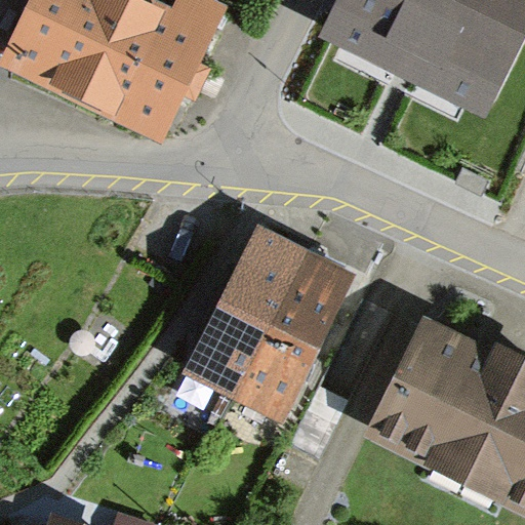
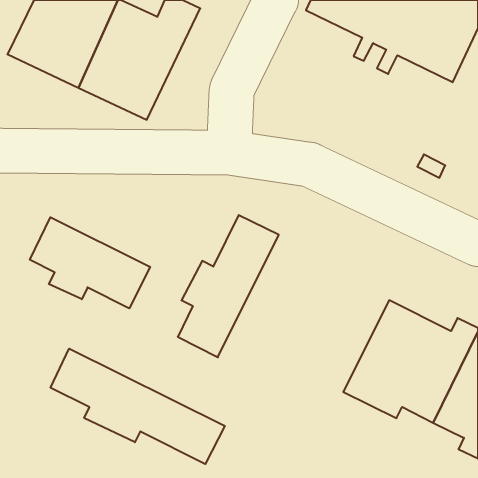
building: none -> [30,217,150,308]
building: [239,257,349,413] -> none
building: none -> [51,349,225,464]

